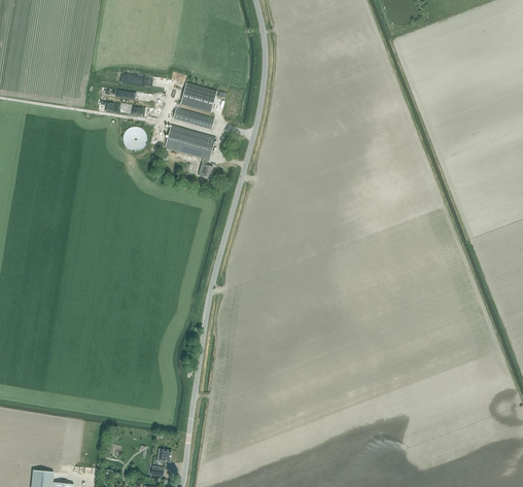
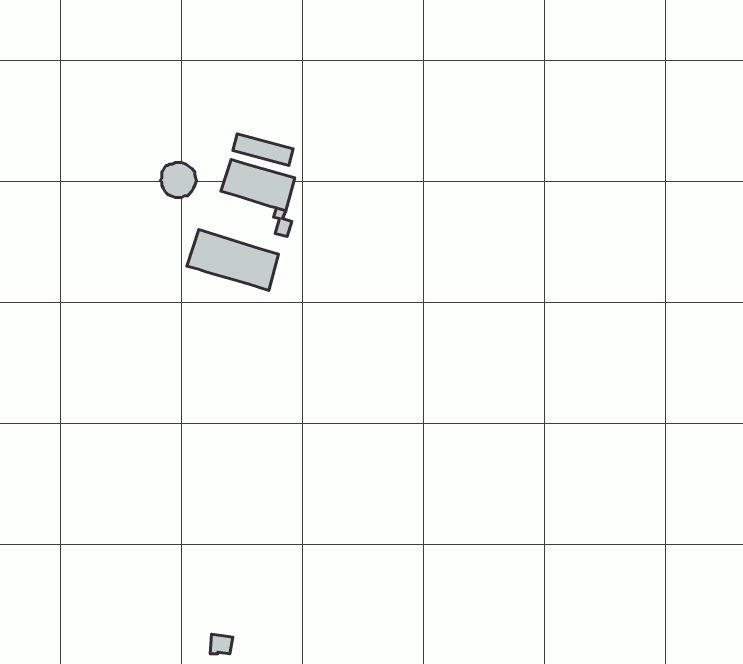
building: [180,82,215,108] -> none
building: none -> [187,229,278,290]

